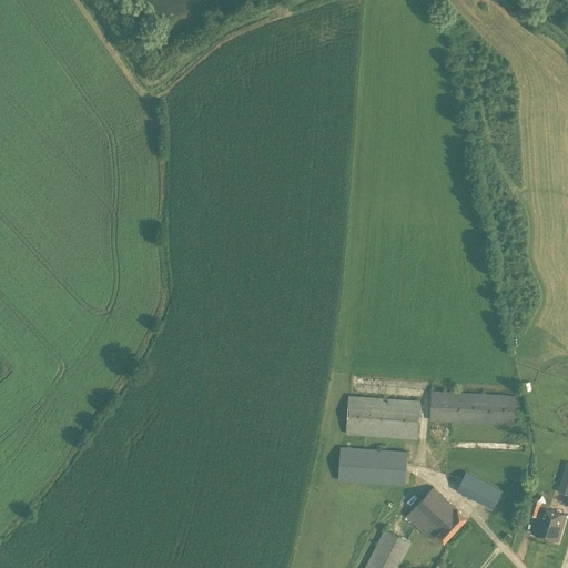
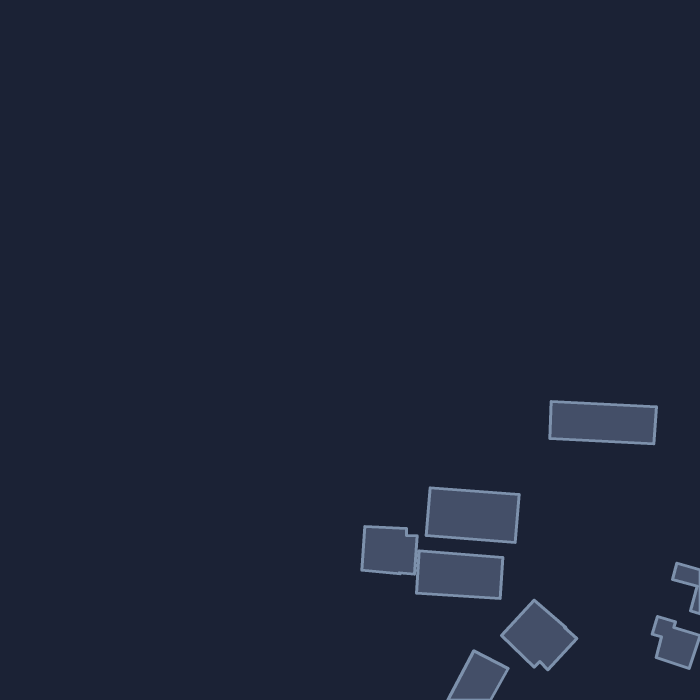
building: [429,390,516,425] -> [550,401,657,444]
building: none -> [362,526,417,574]
building: [456,470,508,515] -> none

